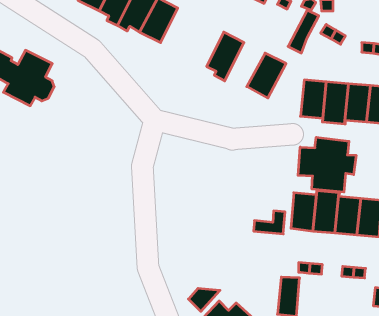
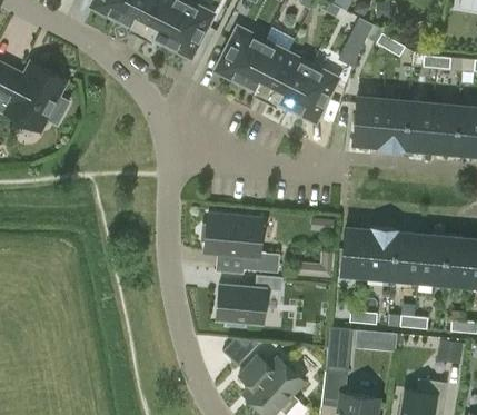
building: none -> [219,31,264,83]
building: none -> [265,56,311,107]
building: [298,137,356,192] -> none
building: none -> [201,215,280,273]
building: none -> [216,276,282,327]
building: none -> [356,329,398,348]

